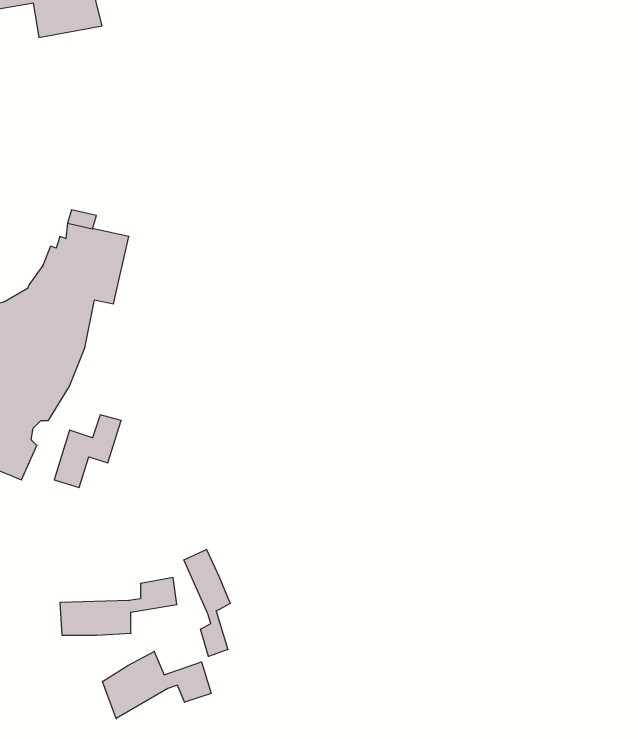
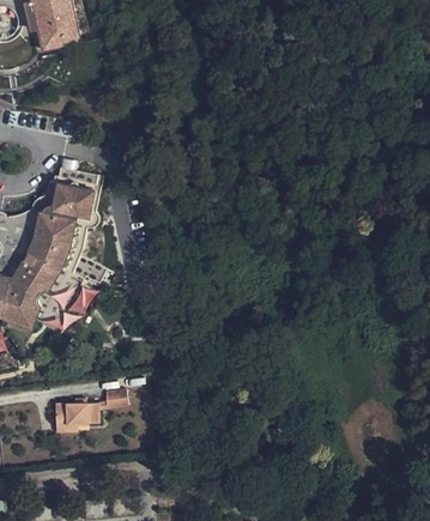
building: [184,549,230,656] -> none
building: [102,651,211,719] -> none

